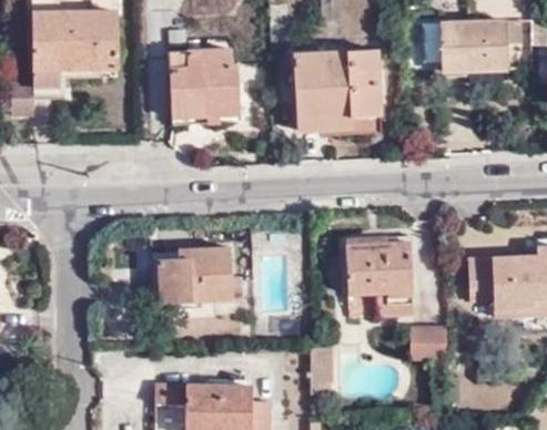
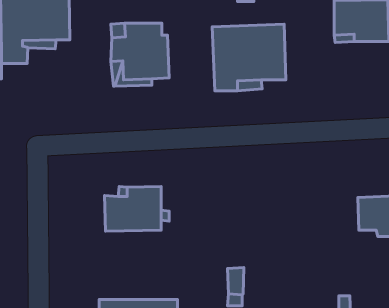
building: [346,242,414,318] -> none
building: [412,326,446,358] -> none

